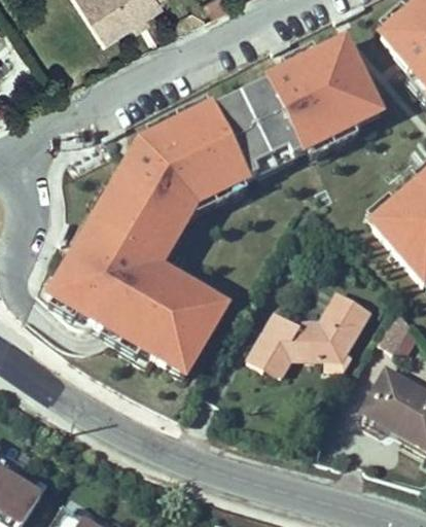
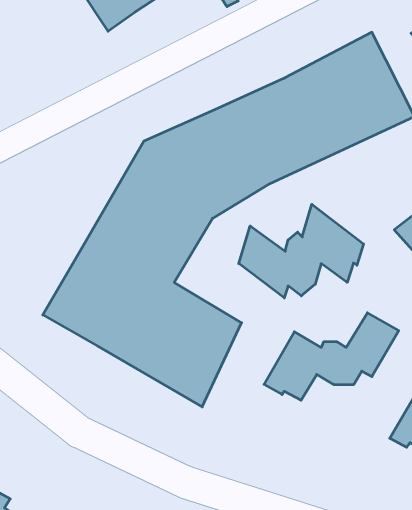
building: none -> [239,204,364,298]

